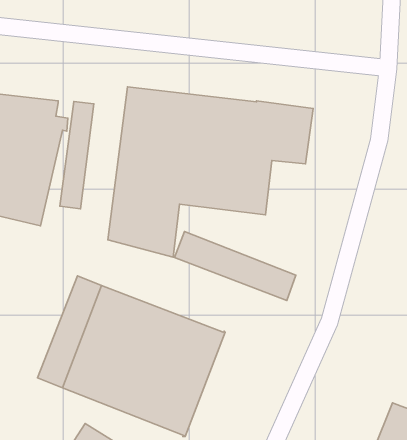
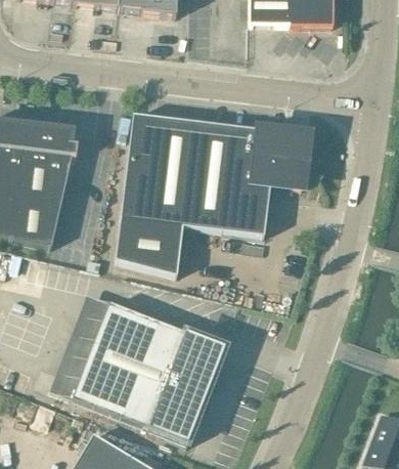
building: [60,102,94,209] -> none
building: [175,231,296,300] -> none

